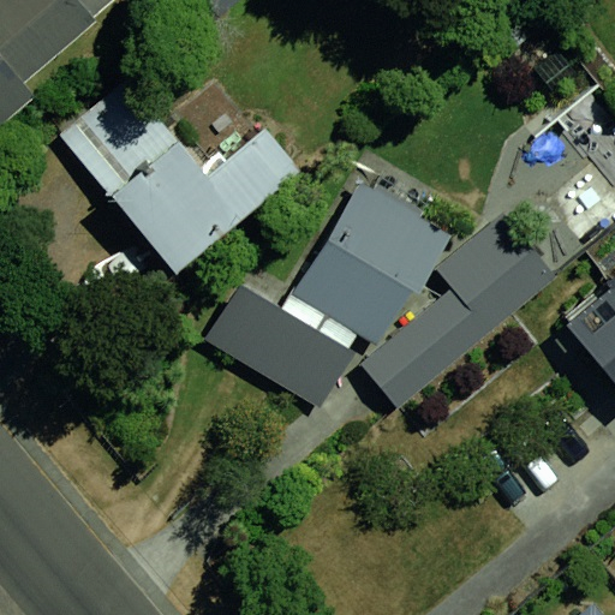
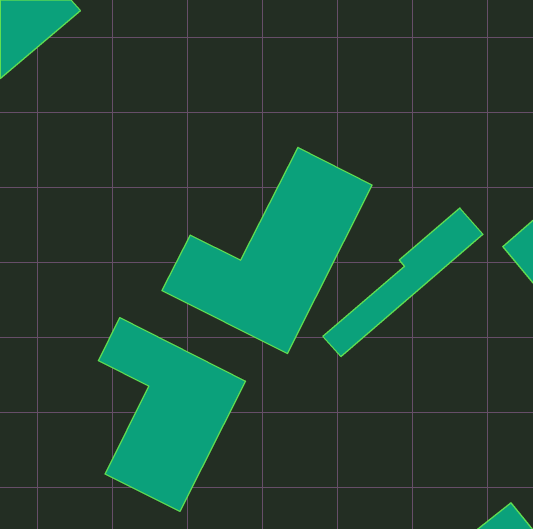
building: [37,55,309,270] -> none
building: none -> [98,318,245,511]

